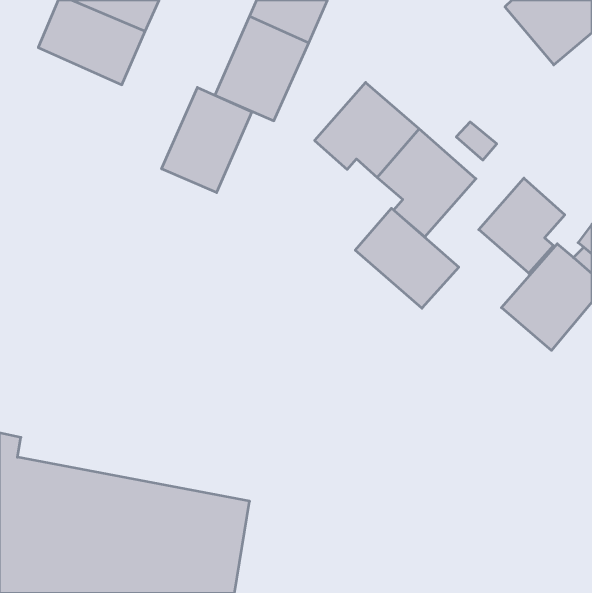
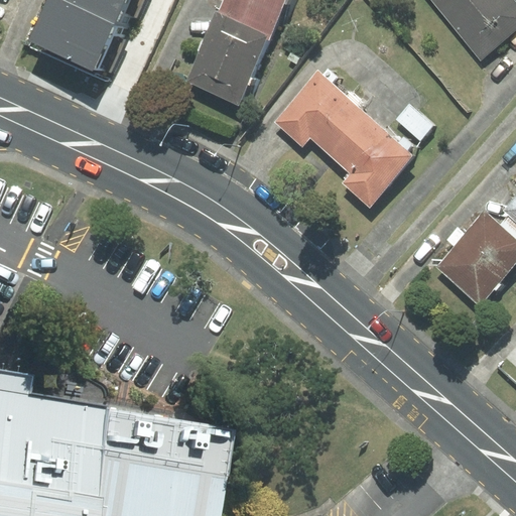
building: [162,87,252,193] -> none
building: [479,178,565,273] -> none
building: [355,208,459,308] -> none

